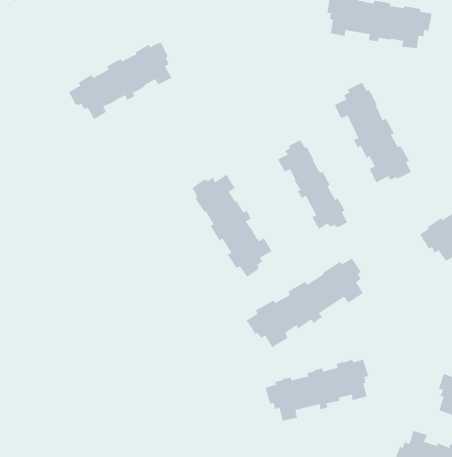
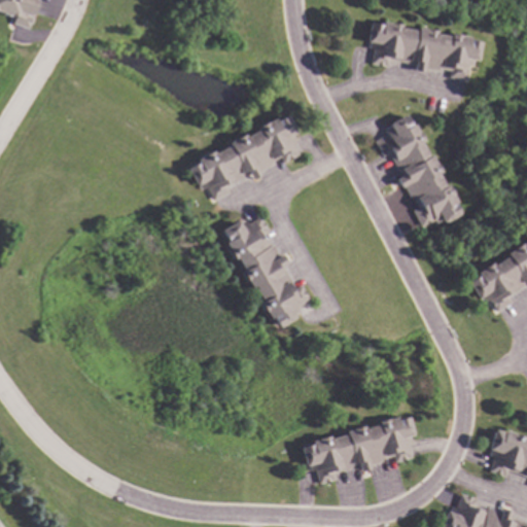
building: [68,42,172,120] -> [187,114,301,199]
building: [277,140,348,230] -> none
building: [246,258,364,348] -> none

